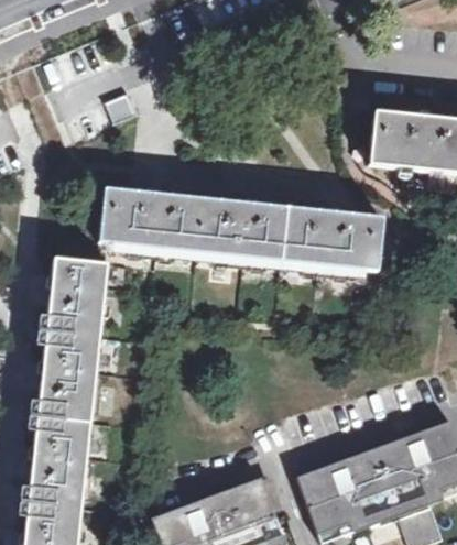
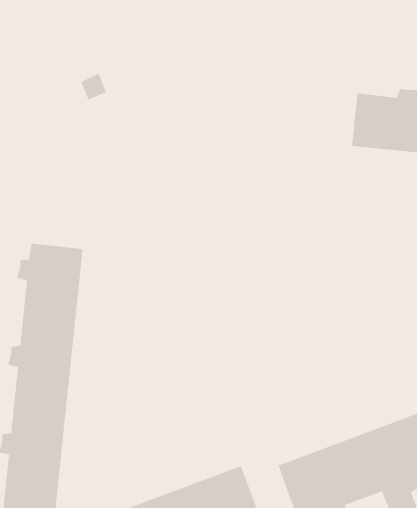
building: [100,184,383,270] -> none

